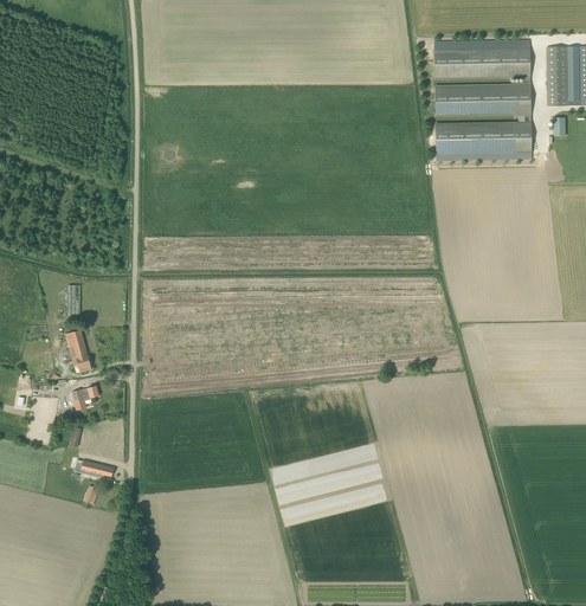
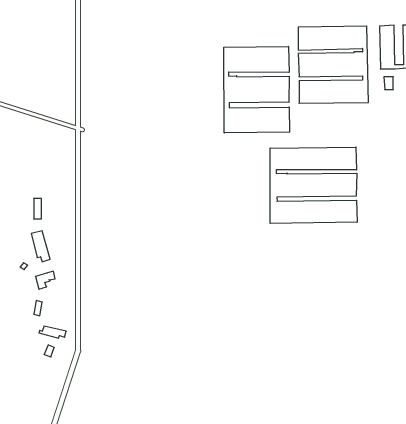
building: none -> [224,46,290,133]
building: none -> [270,147,357,223]

